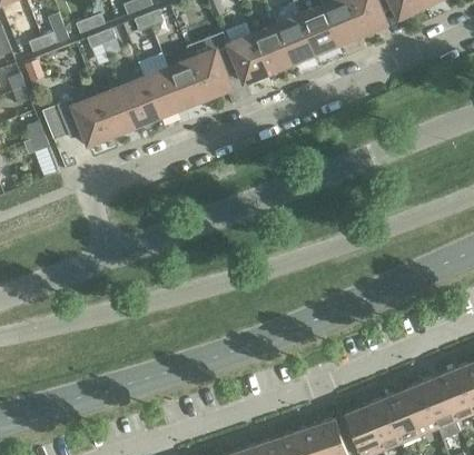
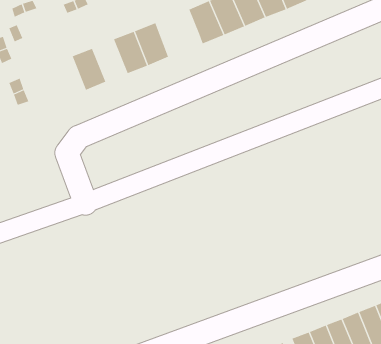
building: [191,38,239,97] -> none
building: [120,77,159,125] -> none
building: [57,96,112,144] -> none

